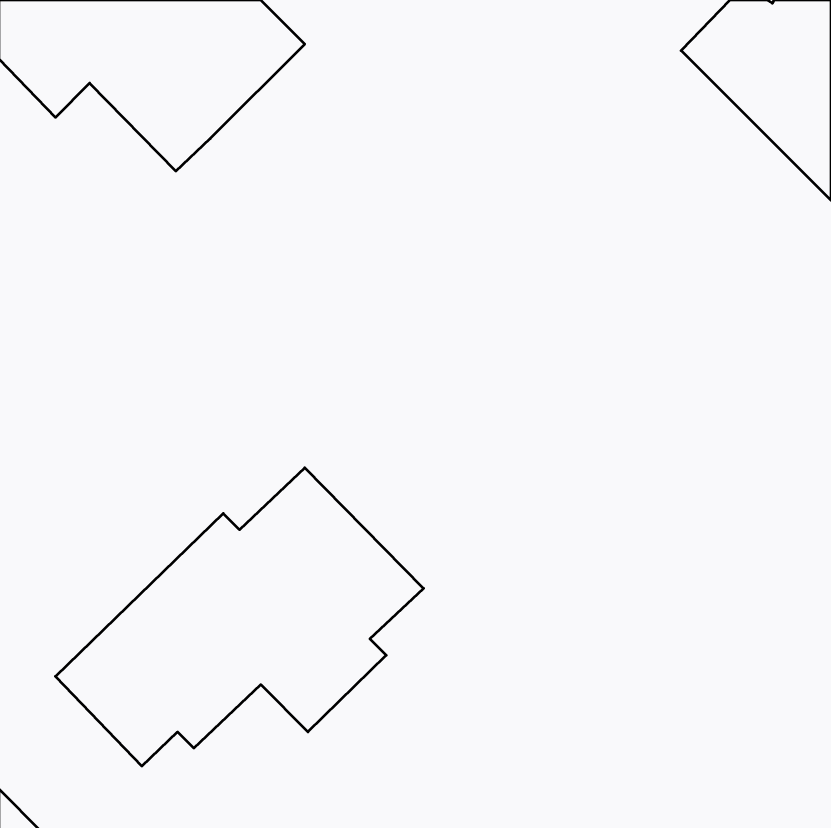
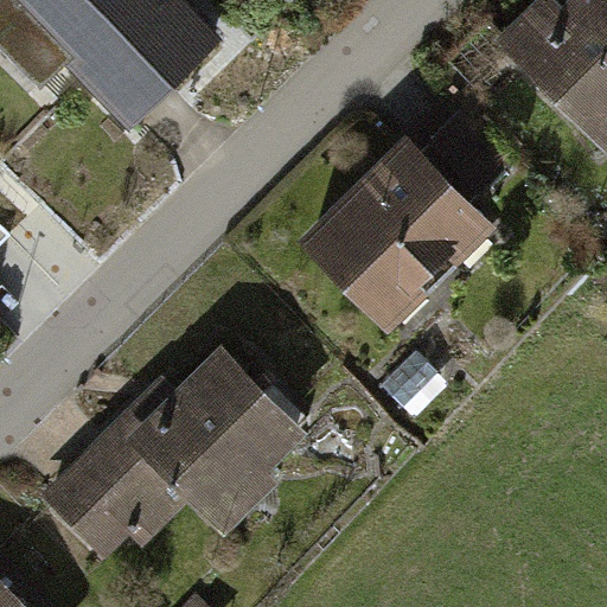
building: none -> [296,113,509,331]

